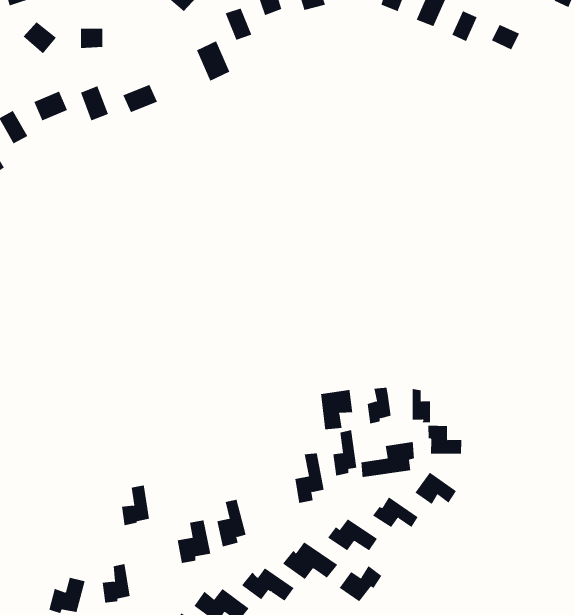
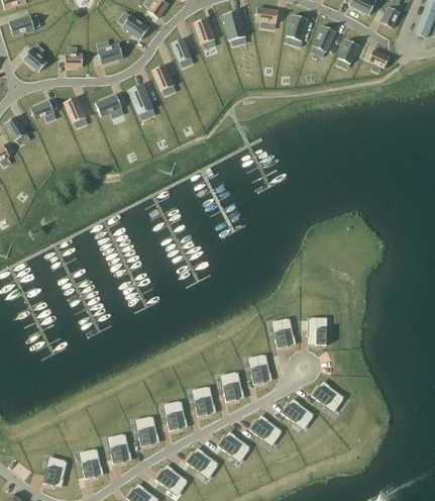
building: none -> [97,41,124,65]
building: none -> [127,83,152,114]
building: [320,389,353,430] -> none
building: [428,425,462,455] -> none
building: [361,441,415,478] -> none
building: none -> [193,386,216,420]
building: [121,485,150,526] -> [110,433,131,464]
building: [339,565,382,602] -> none

